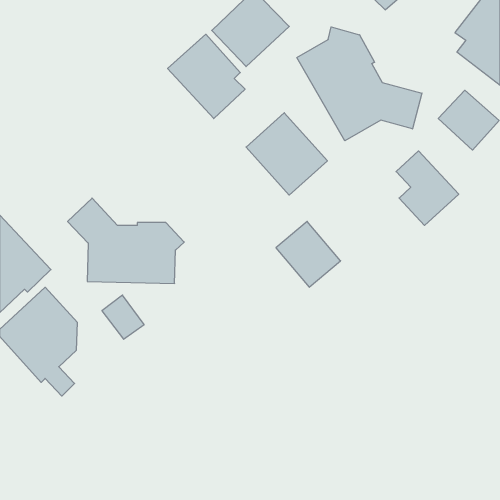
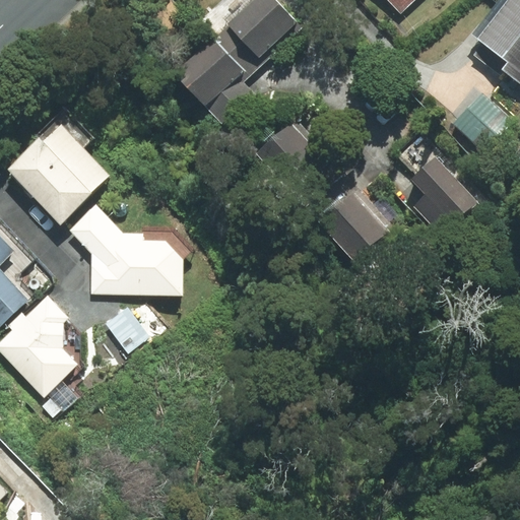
building: [297,27,422,141] -> none
building: none -> [7,109,109,222]
building: [276,221,341,287] -> [318,192,385,260]

